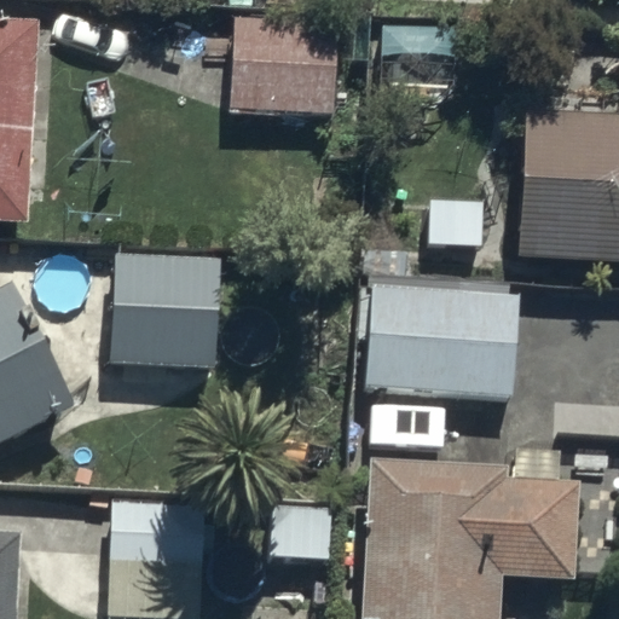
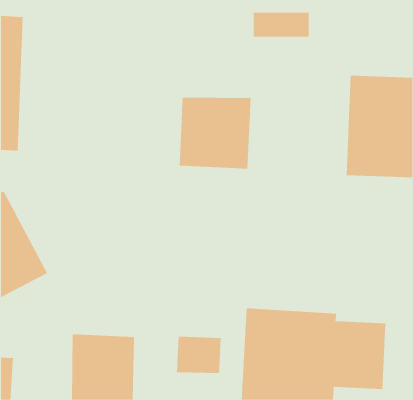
building: [226,8,335,116] -> [179,97,251,169]
building: [108,253,214,404] -> none
building: [368,285,520,393] -> none

